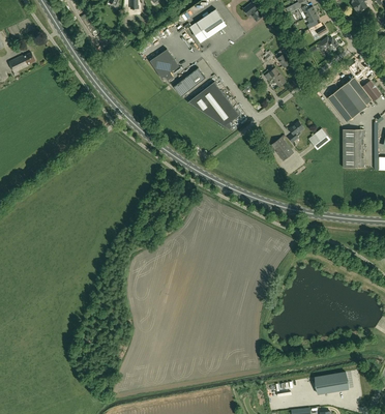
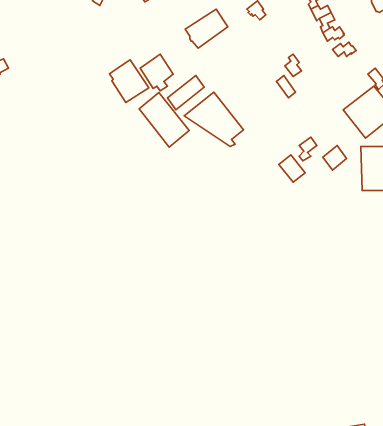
building: none -> [110,60,149,103]
building: none -> [139,92,189,147]

